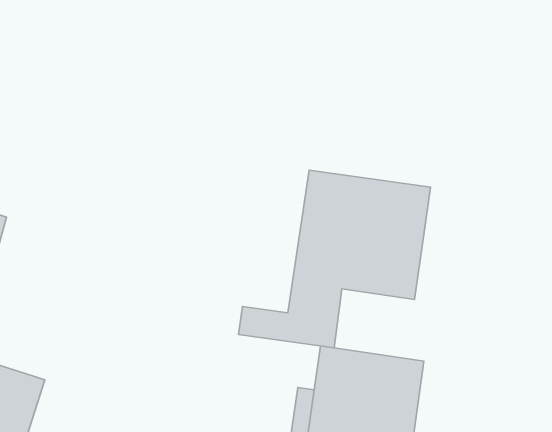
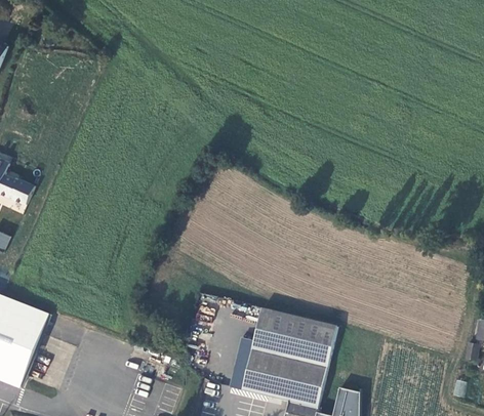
building: [239,170,430,348] -> none

